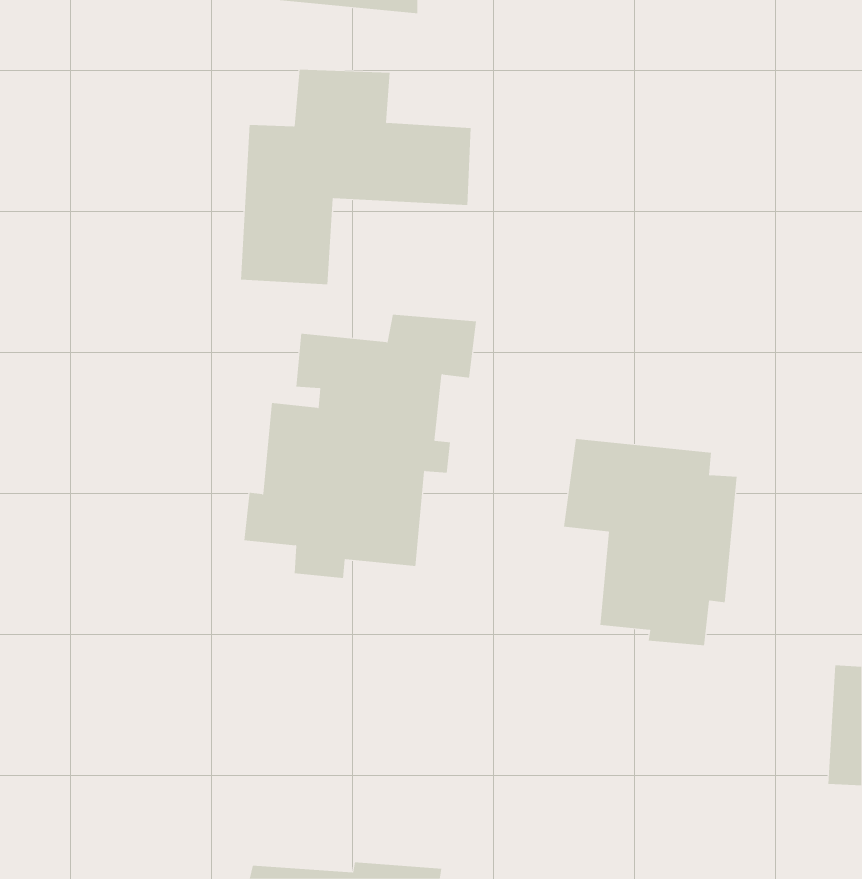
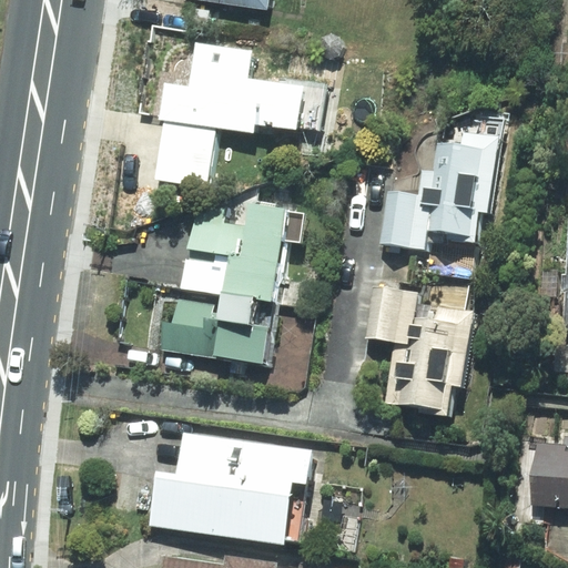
building: none -> [372,111,501,247]
building: none -> [150,432,320,545]

